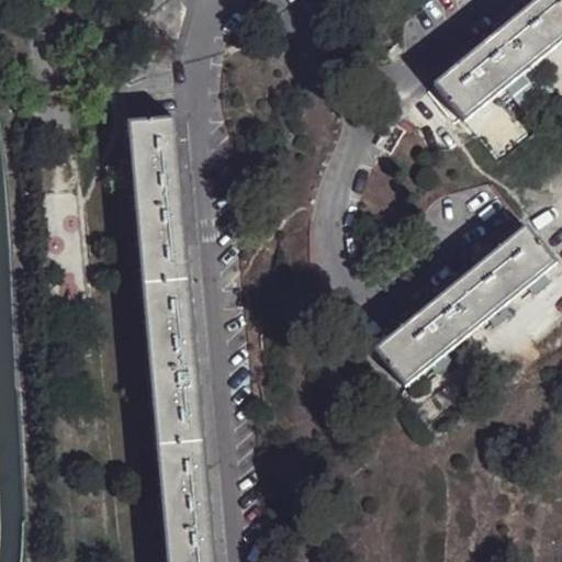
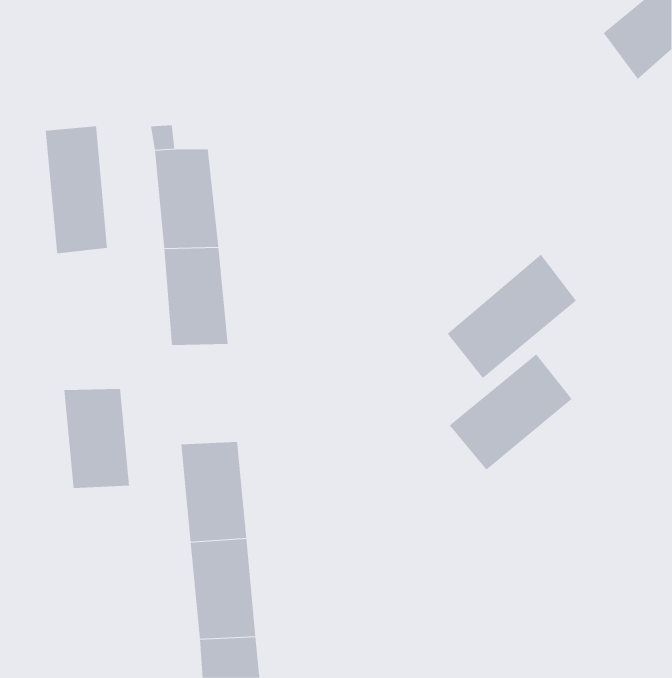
building: [429,27,527,122] -> none
building: none -> [45,125,108,254]
building: [443,226,551,329] -> [447,254,577,379]
building: [142,284,196,367] -> [64,389,130,488]

